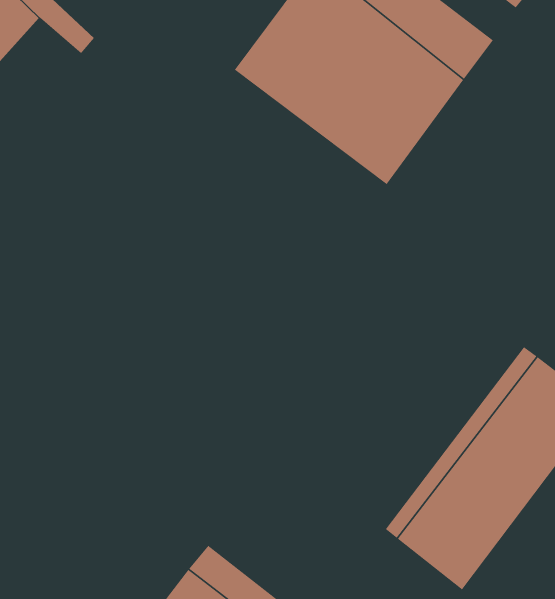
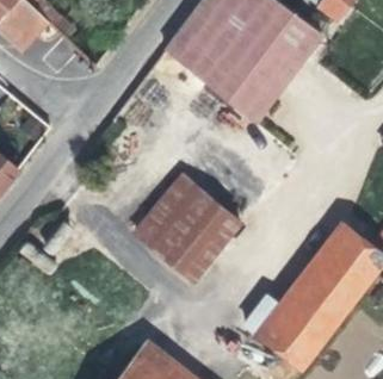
building: none -> [137,176,241,281]

